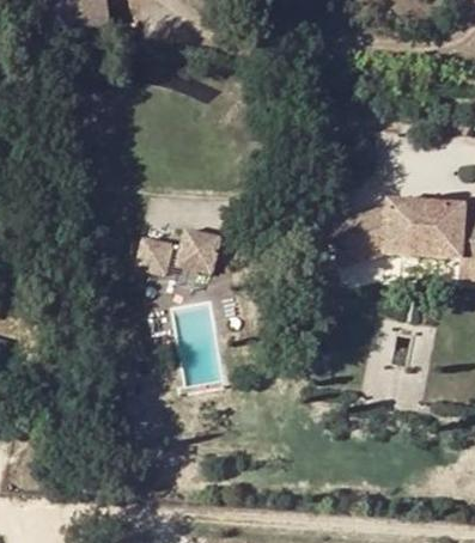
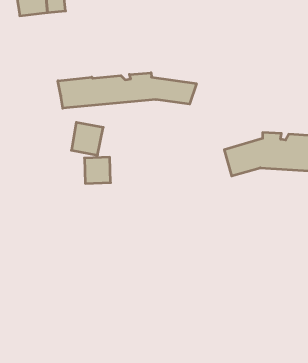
building: none -> [58,73,196,108]
building: [172,225,219,273] -> [71,122,103,155]

